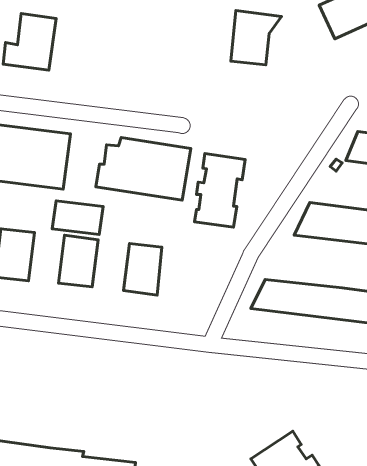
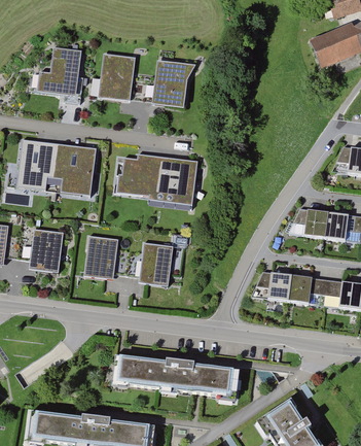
building: [231,11,281,65] -> [155,58,198,104]
building: none -> [100,50,139,99]
building: [195,153,245,227] -> none
building: [52,201,103,235] -> none
building: none -> [107,353,236,406]

